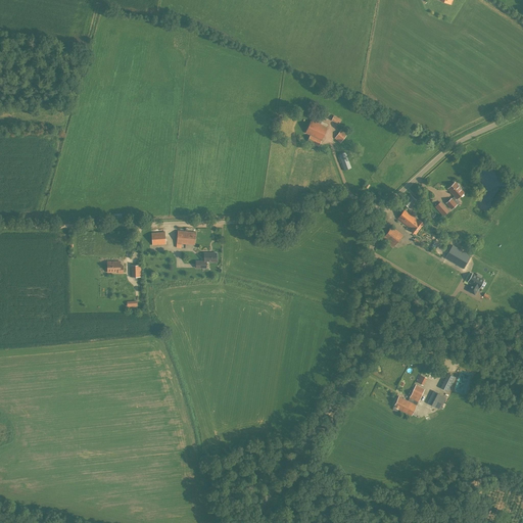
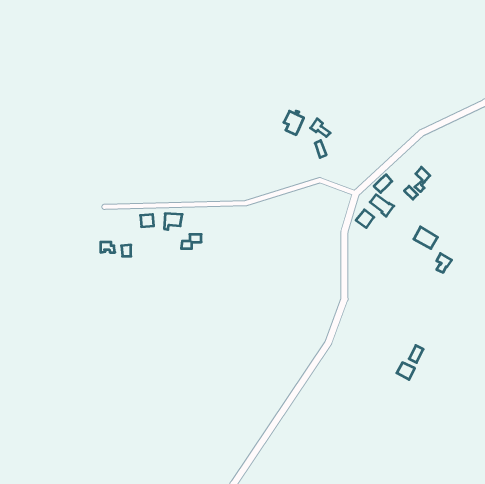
building: [393,384,425,415] -> none

